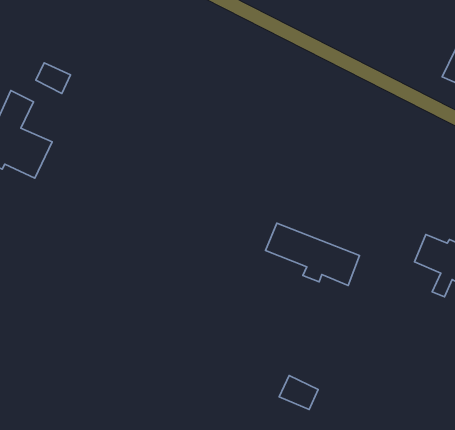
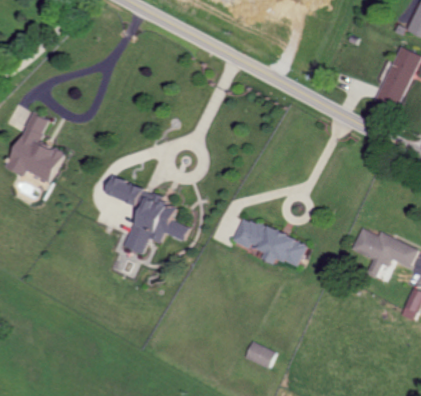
building: [36,63,70,93] -> none
building: none -> [103,178,188,255]

